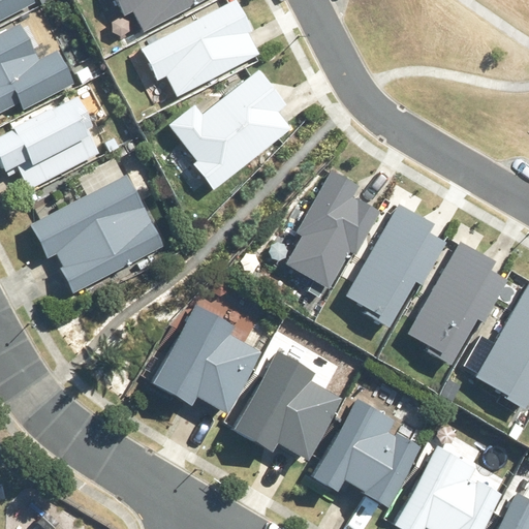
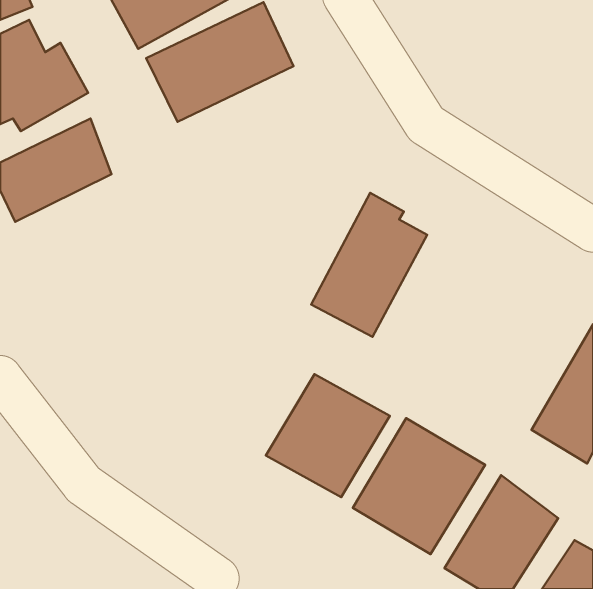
building: [170,71,301,192] -> none
building: [37,183,150,271] -> none
building: [340,209,446,335] -> none
building: [400,241,507,369] -> none
building: [161,280,272,401] -> none

